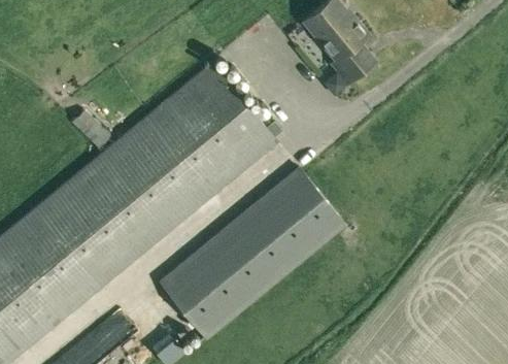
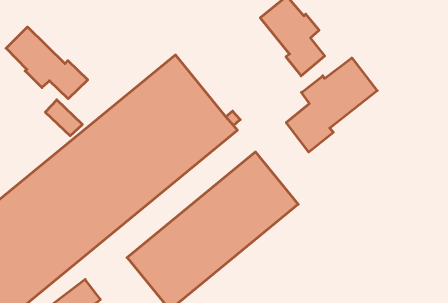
building: none -> [6,27,88,99]
building: none -> [286,58,377,152]

